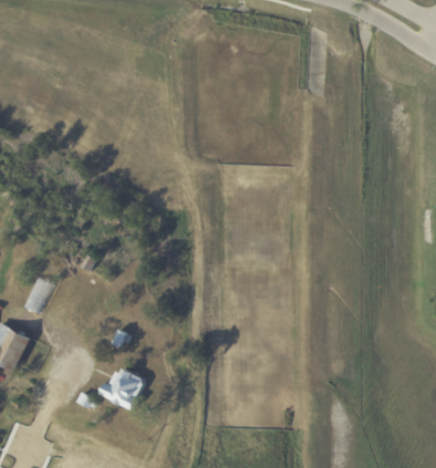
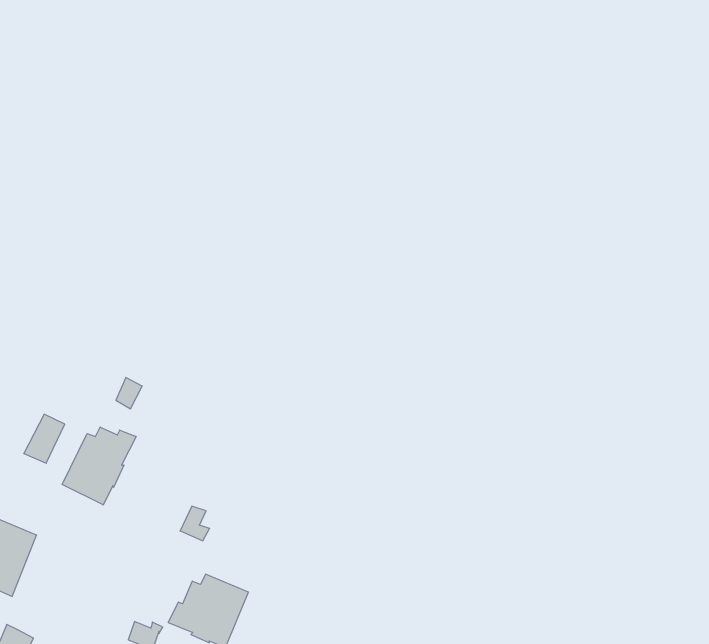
building: none -> [62,427,136,505]

